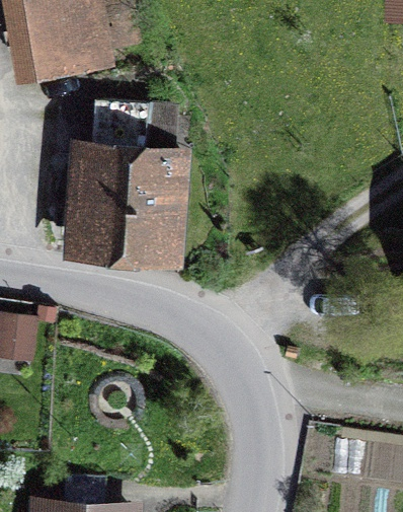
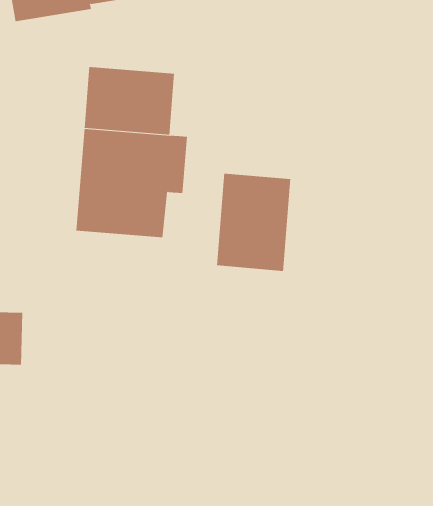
building: none -> [217,173,291,272]

